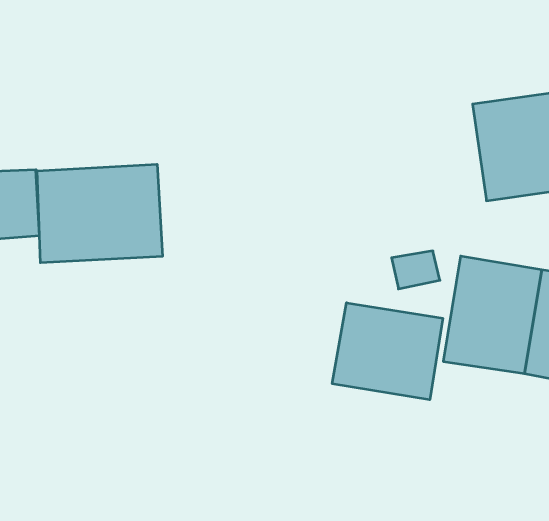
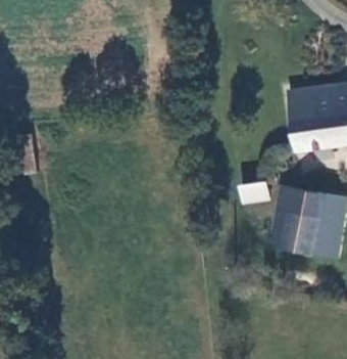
building: [37,164,162,263] -> none
building: [332,303,443,400] -> none

